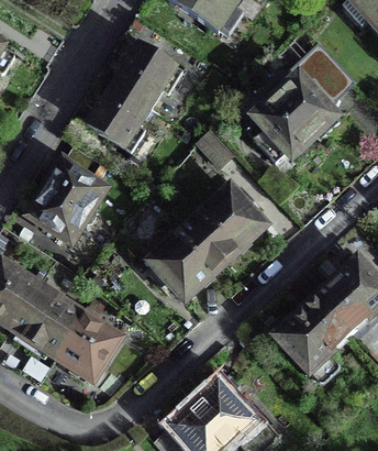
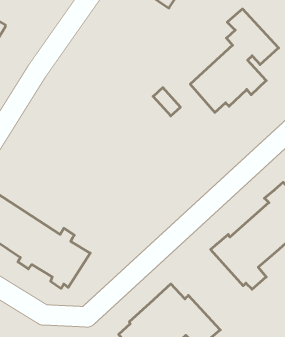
building: [86,41,181,151] -> none
building: [25,143,103,241] -> none
building: [147,185,262,296] -> none

